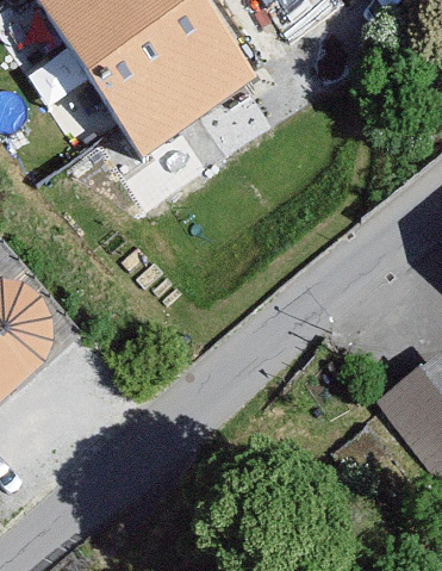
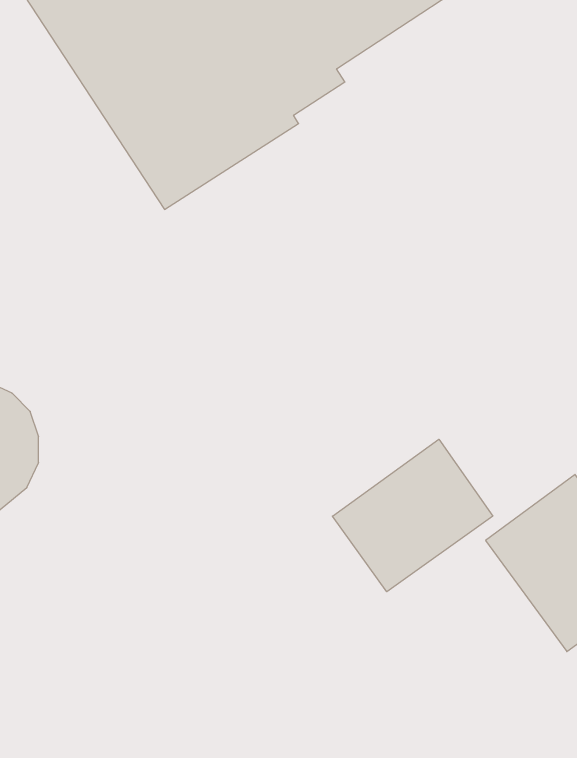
building: none -> [332,439,493,592]

